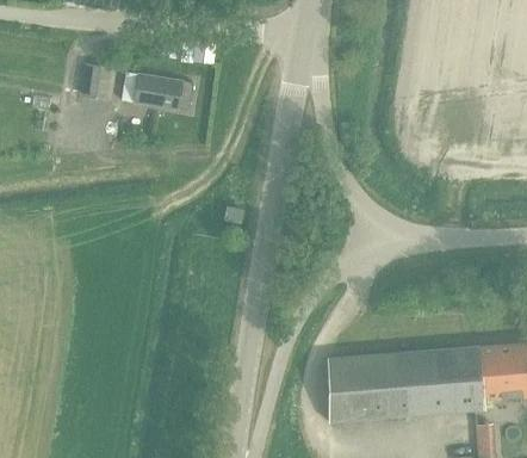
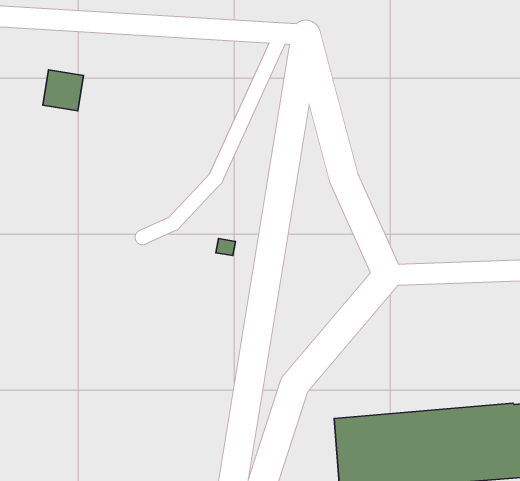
building: [122,73,192,110] -> none

